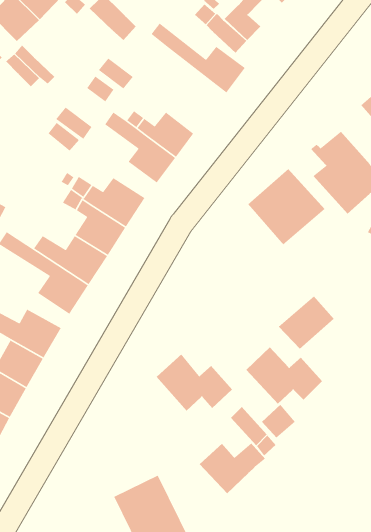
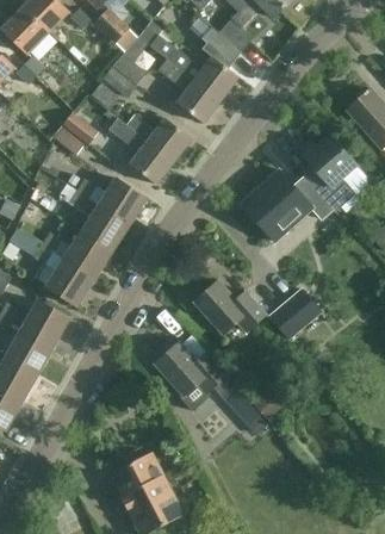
building: none -> [113,37,148,85]
building: none -> [159,60,221,124]
building: [246,347,323,404] -> [194,281,266,335]
building: [199,443,266,494] -> none

